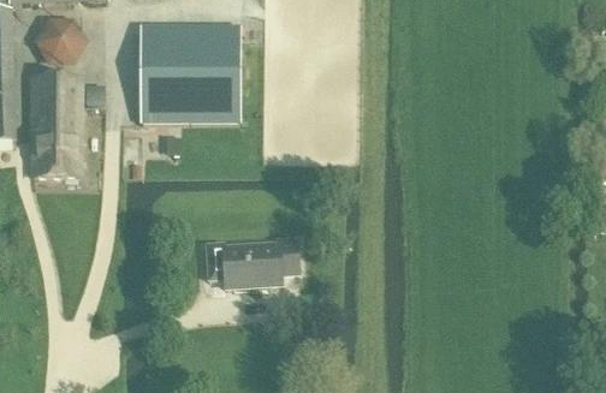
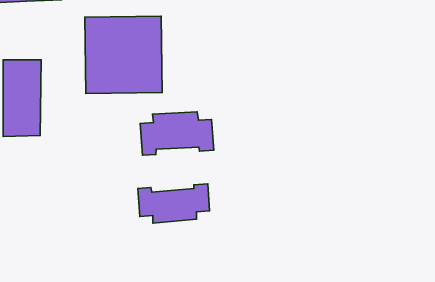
building: [36,11,89,62] -> none
building: none -> [140,112,214,155]

